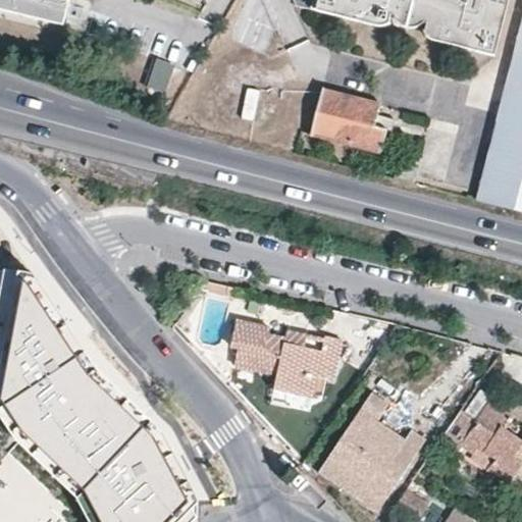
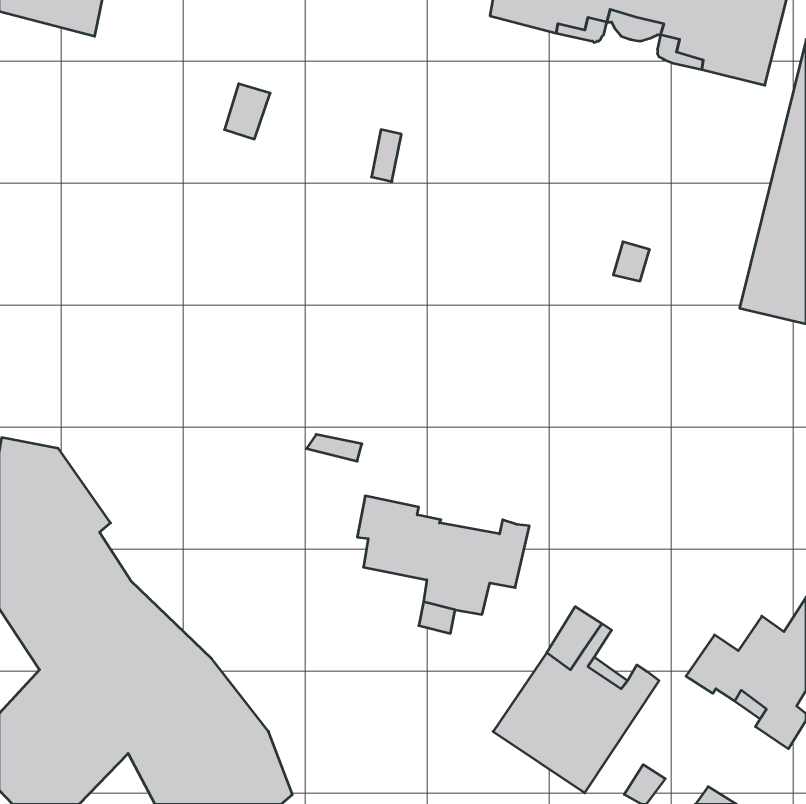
building: [309,88,389,151] -> none

